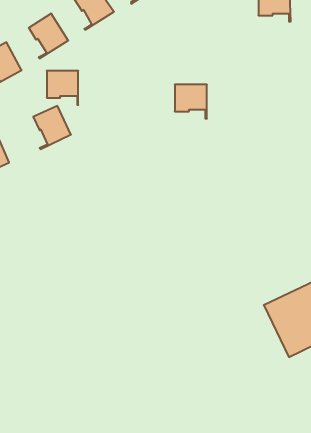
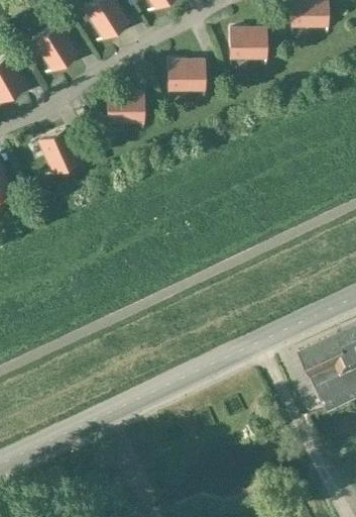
building: none -> [230,29,266,67]
building: [47,71,78,105] -> [108,93,143,131]
building: [175,85,207,119] -> [168,61,205,99]

